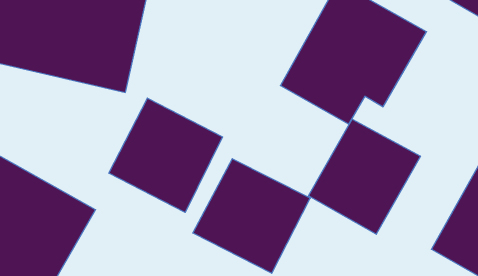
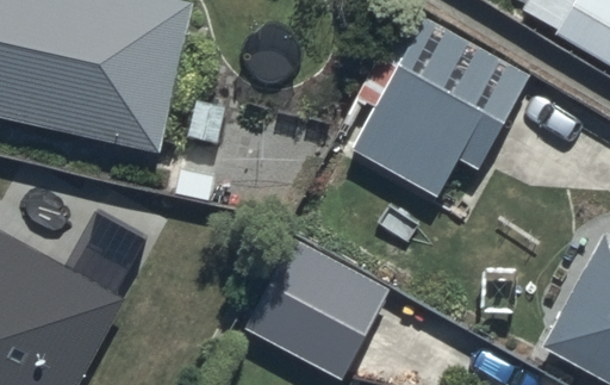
building: [109,98,223,212] -> none
building: [308,119,420,234] -> none

